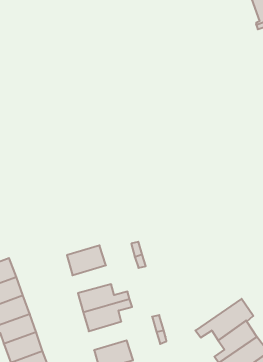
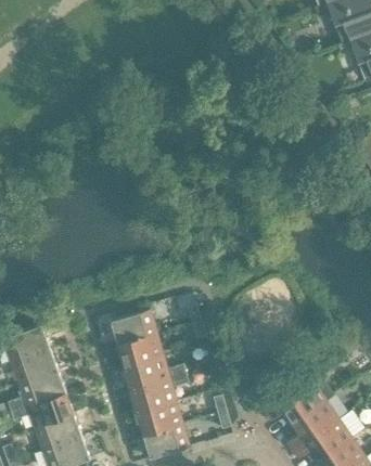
building: none -> [117,334,164,367]
building: none -> [137,401,182,436]

